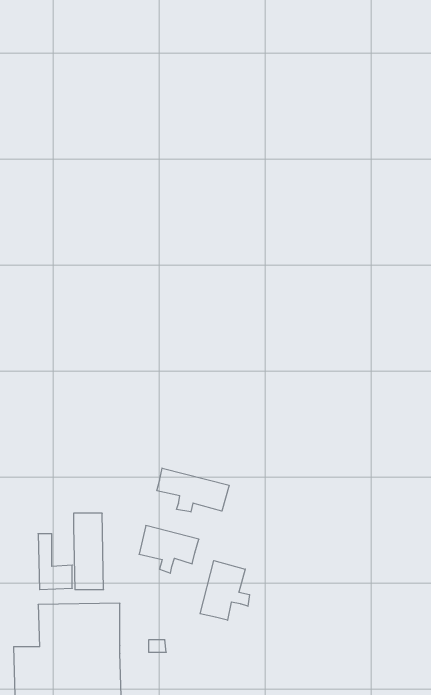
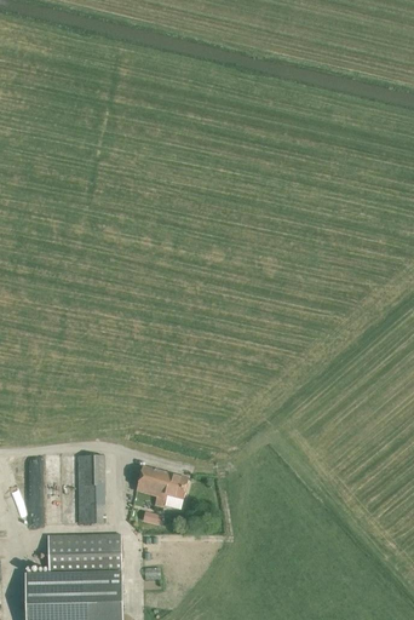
building: [157,468,229,512] -> none
building: [200,561,250,620] -> none

